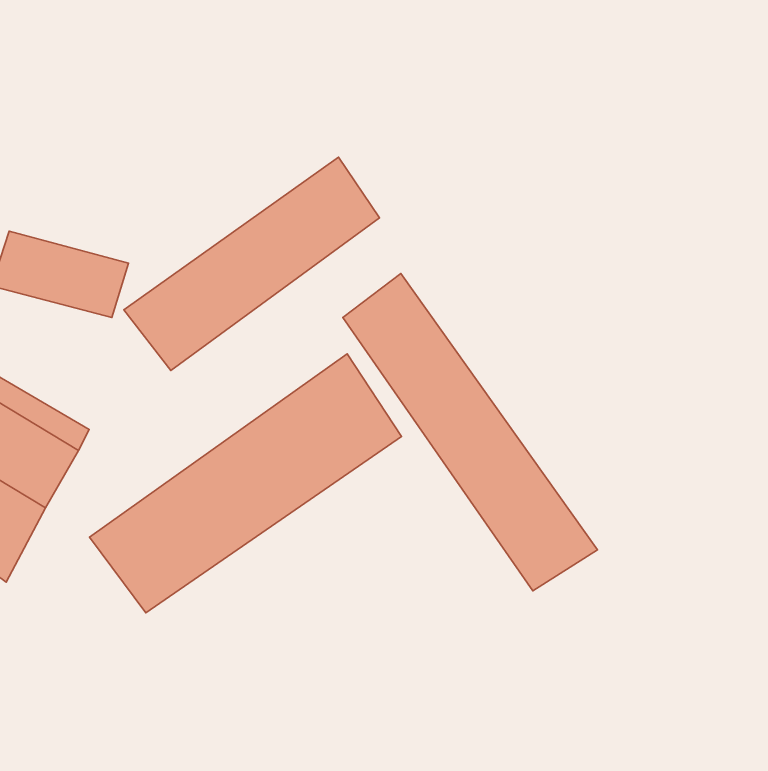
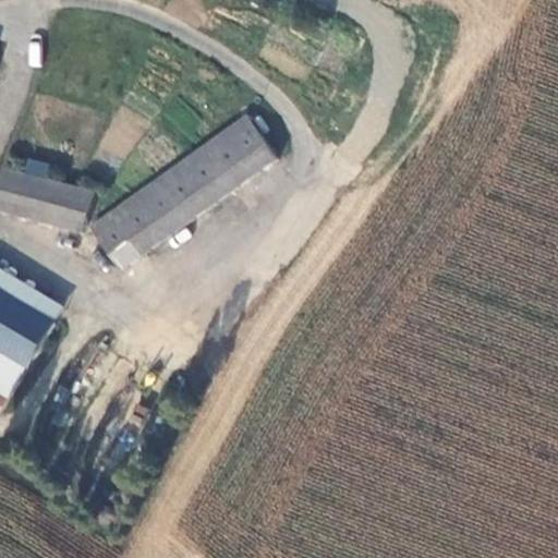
building: [343,273,597,591] -> none
building: [89,354,401,613] -> none

